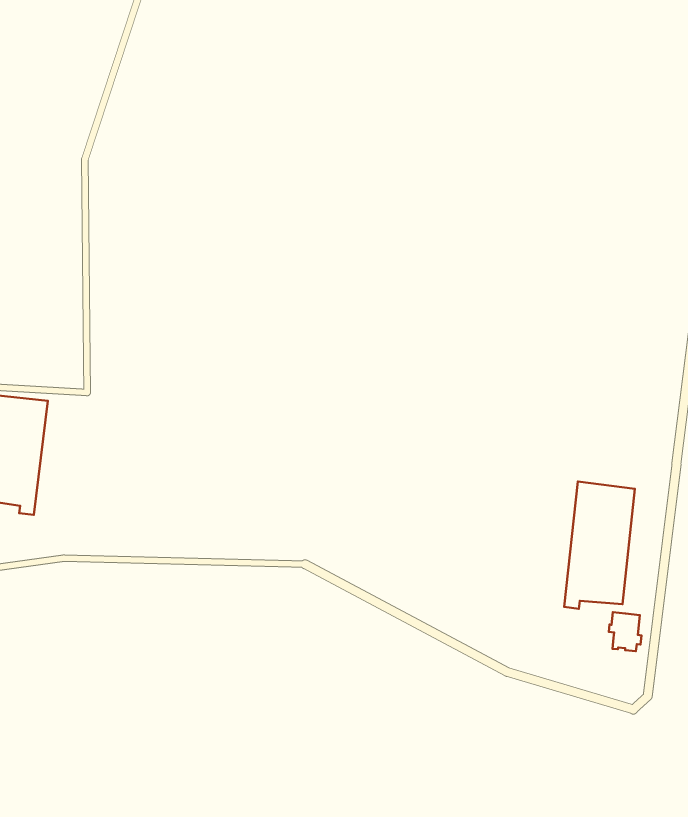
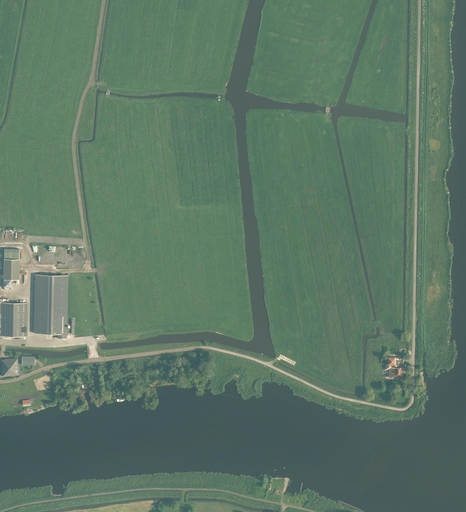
building: [564,482,635,609] -> none

